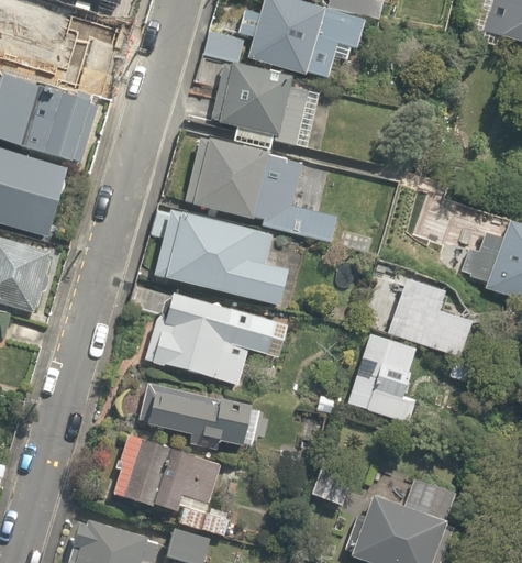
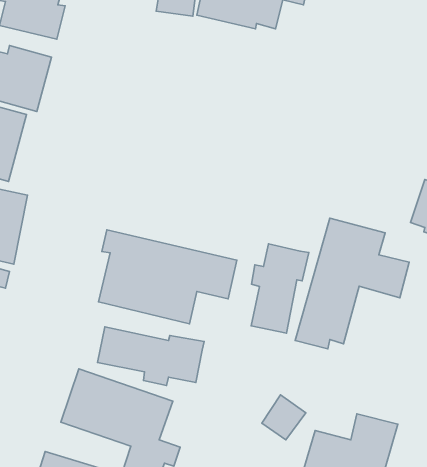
building: [213,62,289,148] -> none
building: [191,140,348,245] -> none
building: [157,213,287,302] -> none
building: none -> [251,244,309,333]

